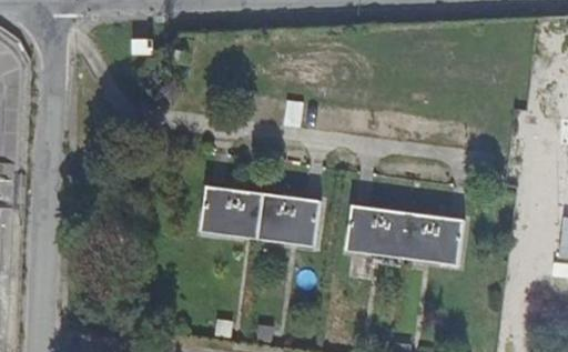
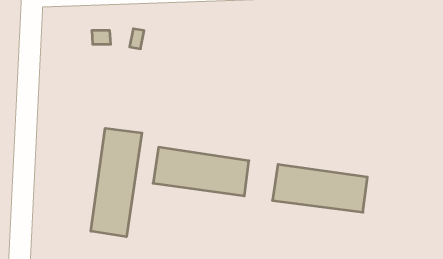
building: none -> [91,128,142,237]

